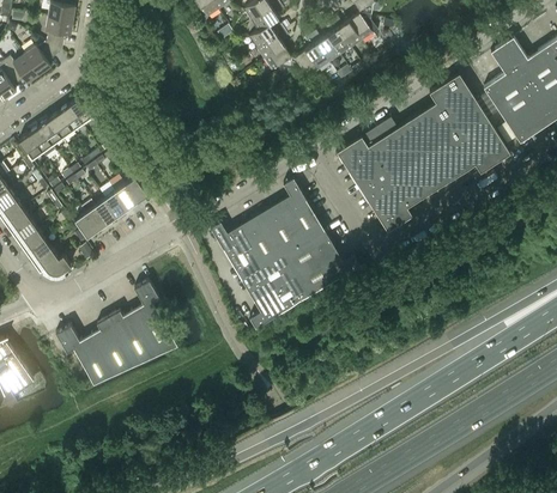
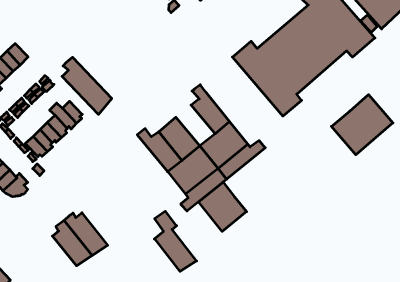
building: none -> [62,57,112,114]
building: [260,201,304,251] -> none
building: none -> [331,95,393,155]
building: [132,280,178,354] -> [154,211,197,271]
building: none -> [199,182,247,231]
building: [56,324,116,383] -> none

